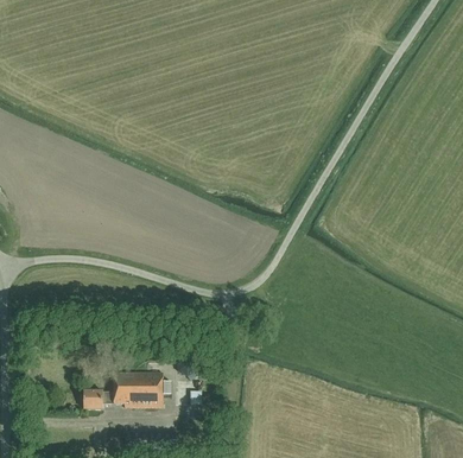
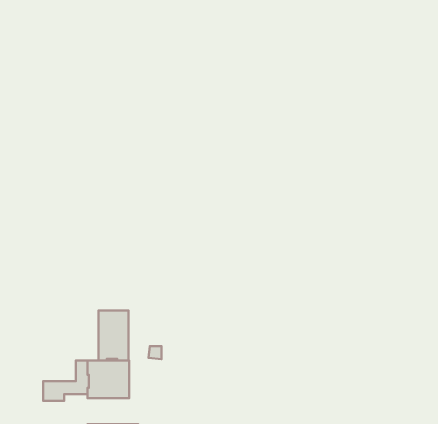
building: none -> [98,311,129,360]

